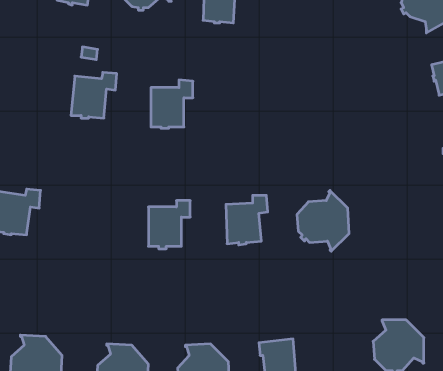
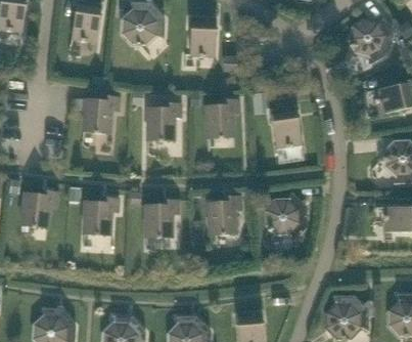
building: none -> [205,98,239,138]
building: none -> [268,105,301,146]
building: none -> [83,197,119,234]

